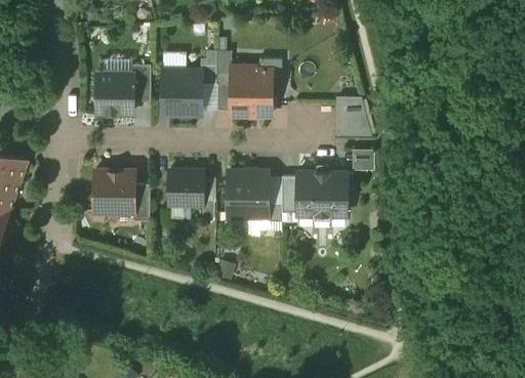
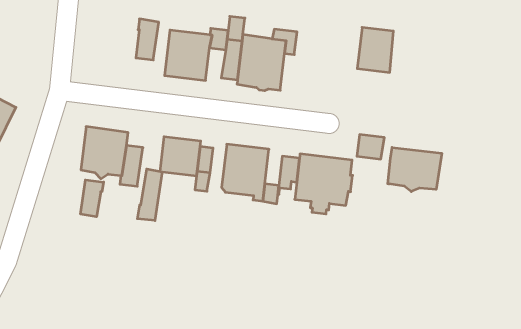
building: [96,74,133,113] -> none
building: [336,94,367,133] -> [357,27,393,72]
building: none -> [388,147,442,192]
building: none -> [137,169,162,221]
building: none -> [81,180,104,217]

